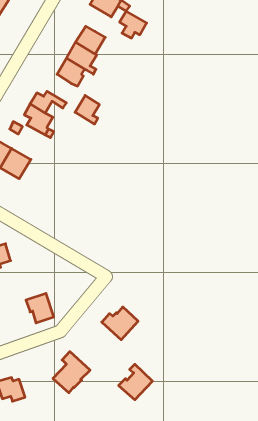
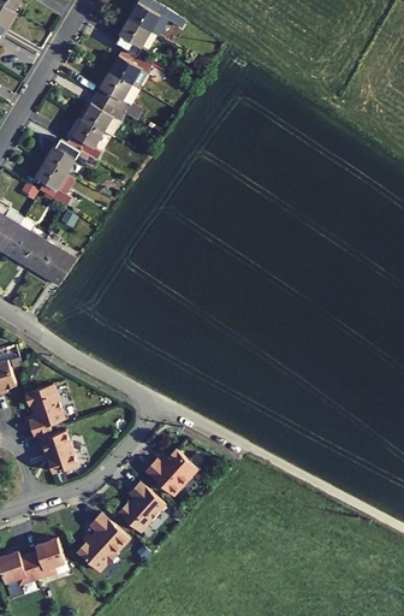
building: [120,11,147,38] -> [120,19,159,58]
building: [75,95,99,124] -> [69,119,103,160]
building: none -> [29,241,75,286]
building: none -> [25,385,66,438]
building: [119,364,152,400] -> [118,484,166,534]
building: none -> [29,539,65,580]

